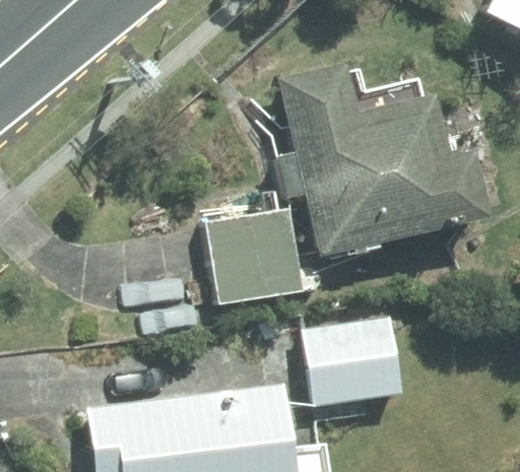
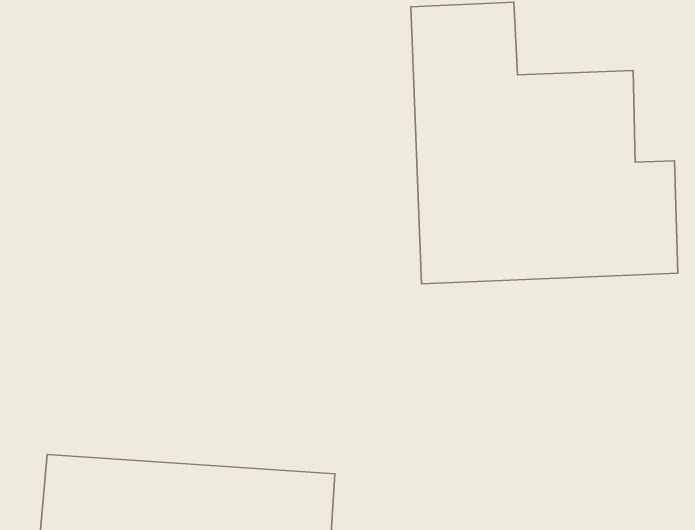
building: [206,206,304,302] -> none
building: [309,315,403,402] -> none

